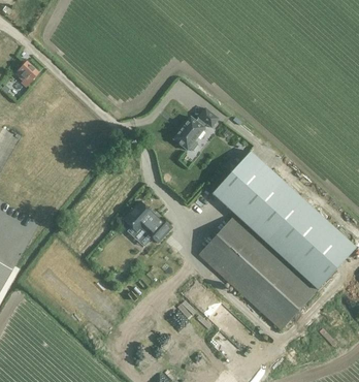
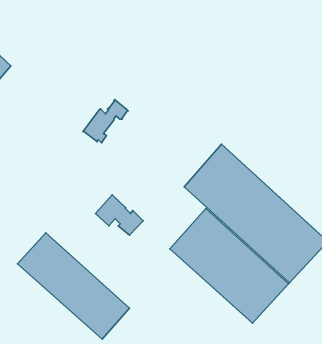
building: [173,107,219,151] -> [83,99,128,143]
building: none -> [18,233,129,339]

